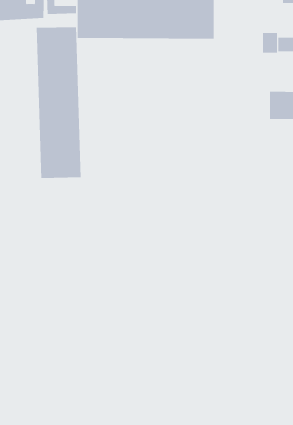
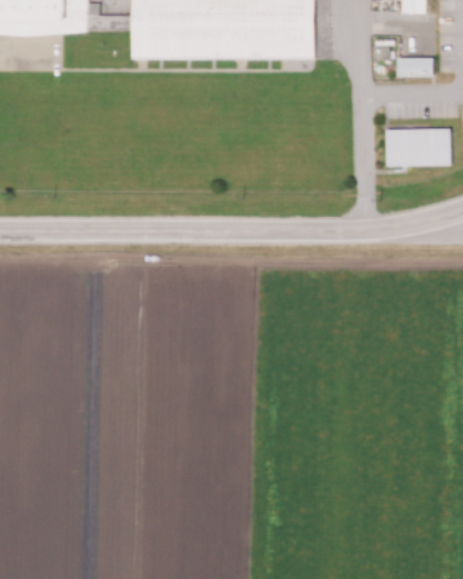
building: [36,26,81,179] -> none
building: [263,32,277,54] -> none

